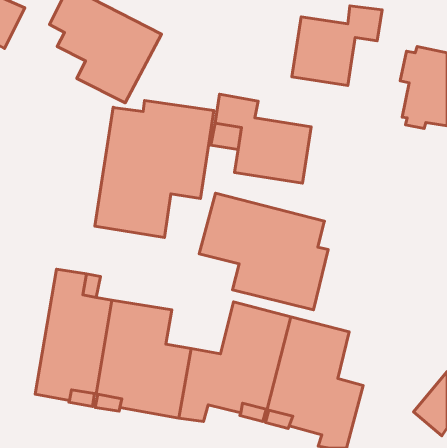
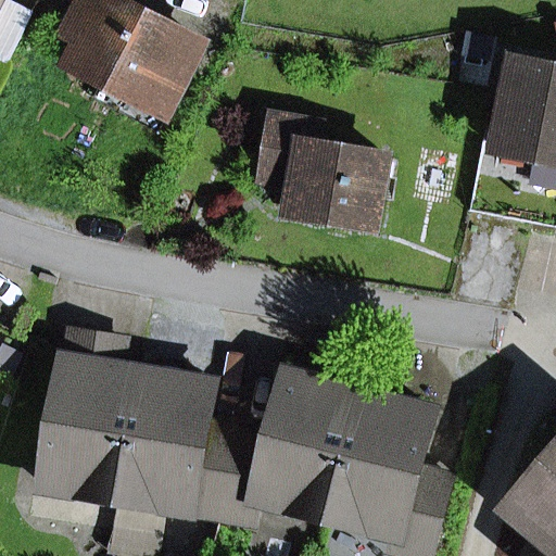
building: [292,6,382,85] -> none
building: [95,100,214,237] -> none
building: [199,193,328,310] -> none

